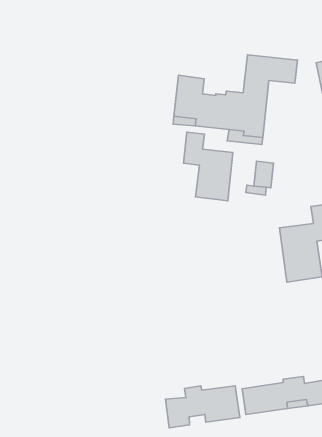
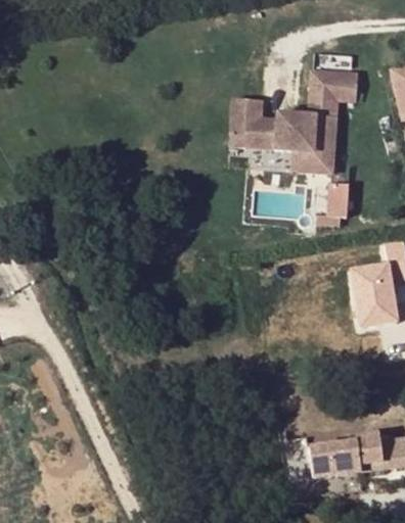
building: [184,132,233,201] -> none
building: [165,386,240,428] -> none

